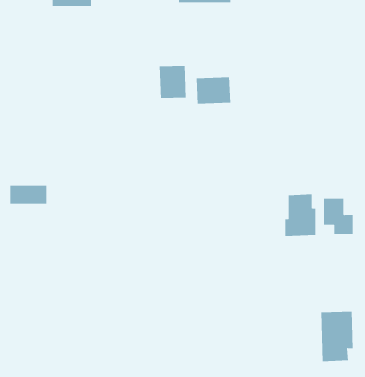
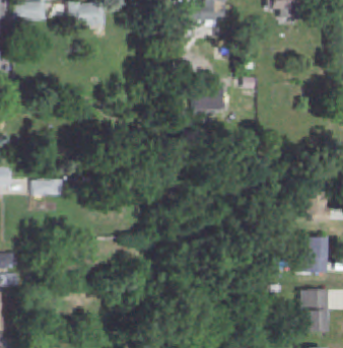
building: [159,65,186,99] -> none
building: [284,194,316,236] -> [300,236,328,273]

